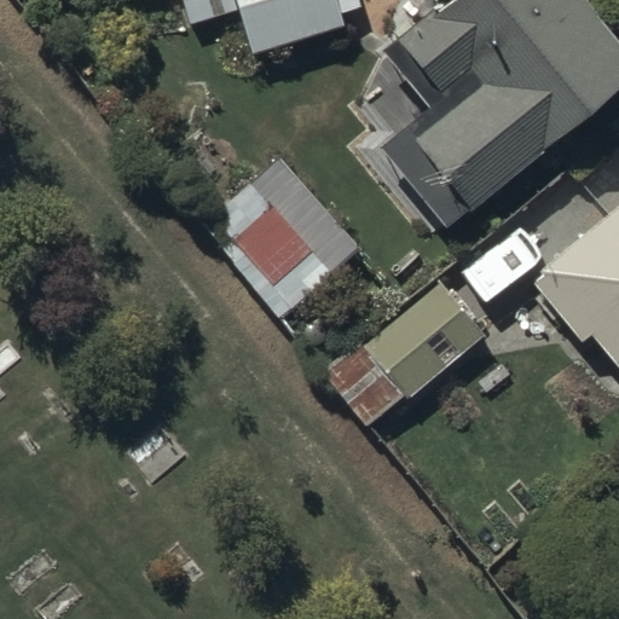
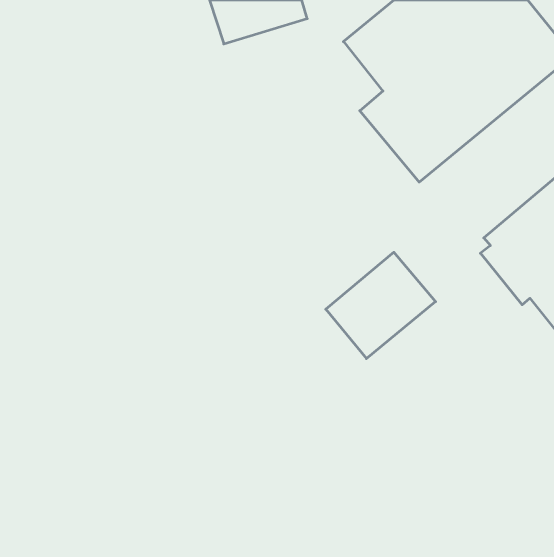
building: [204,178,335,316] -> none

